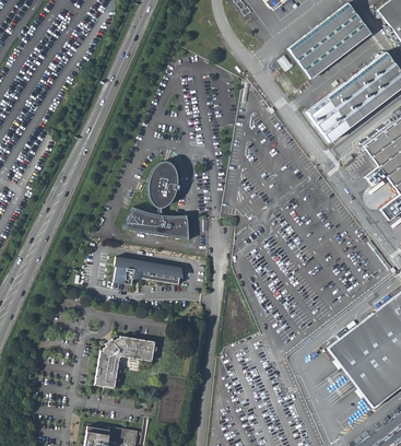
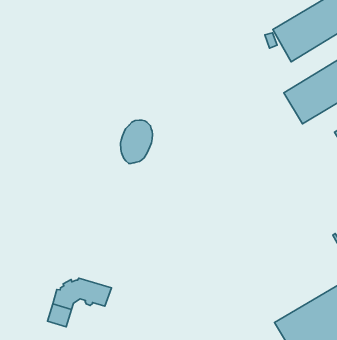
building: [126,207,190,240] -> none
building: [116,257,138,284] -> none
building: [142,261,184,285] -> none

